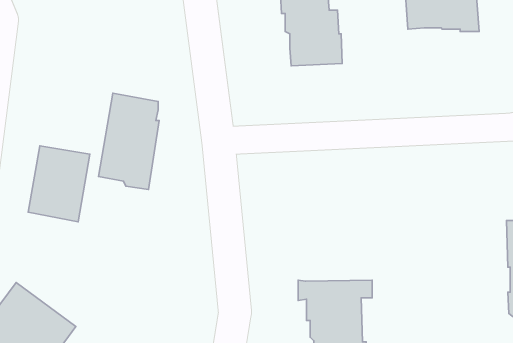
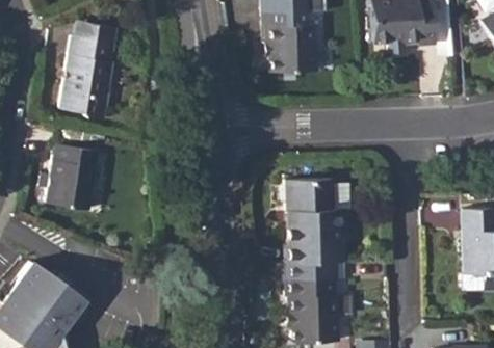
building: [99,93,159,190] -> [62,31,115,115]
building: none -> [286,178,345,261]

